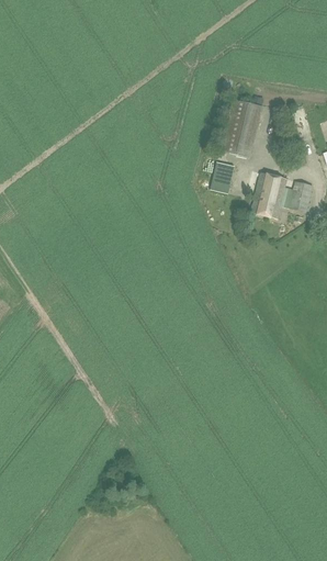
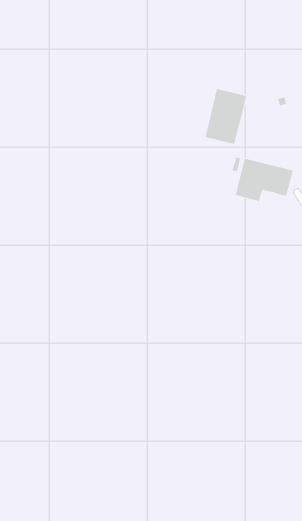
building: [212,159,234,189] -> none

